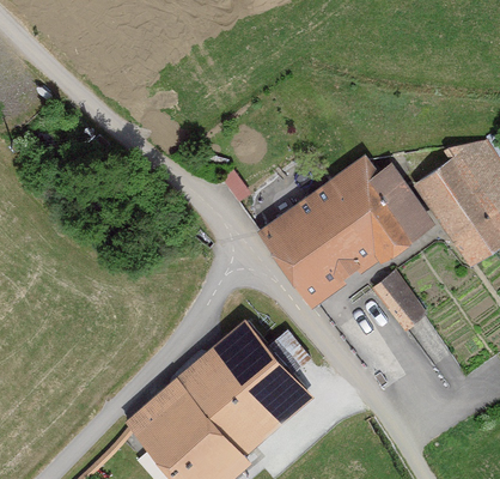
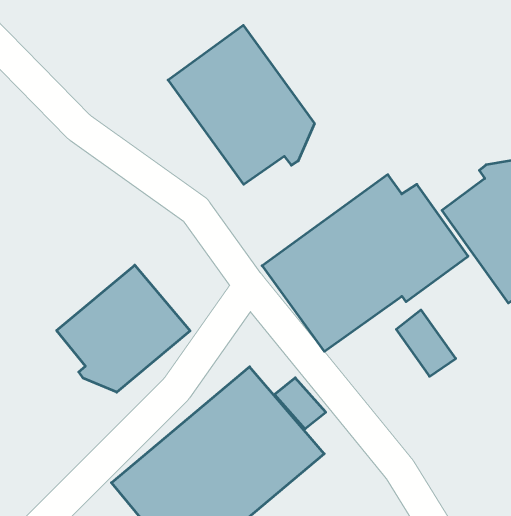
building: none -> [168,25,314,184]
building: none -> [57,265,190,392]

